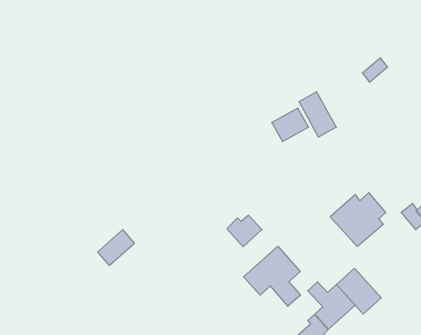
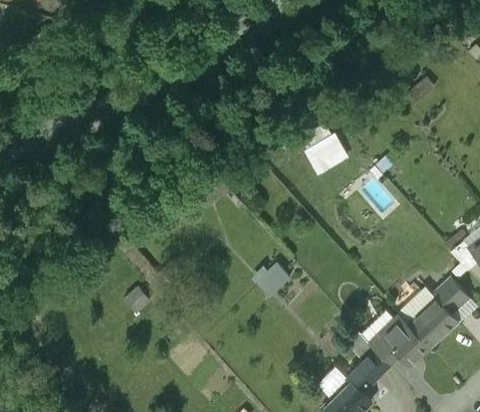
building: [299,92,336,137] -> none
building: [330,193,386,247] -> [401,288,463,349]
building: [244,246,300,306] -> none

